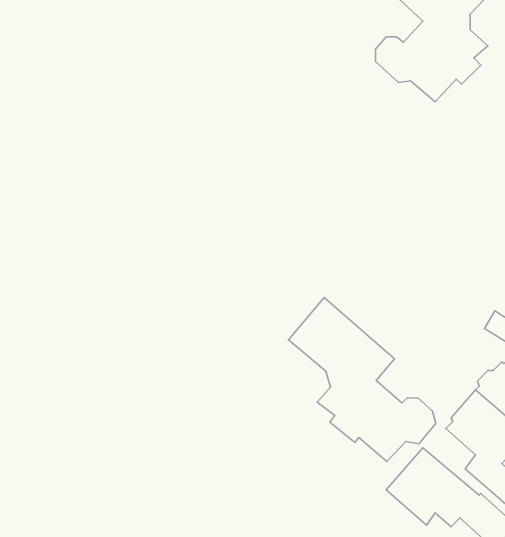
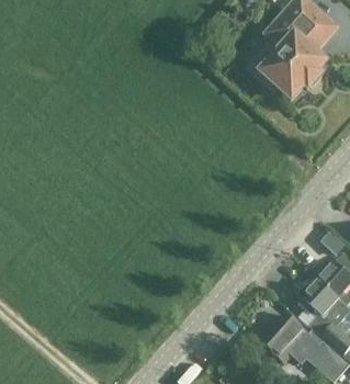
building: [289,298,436,462] -> none

